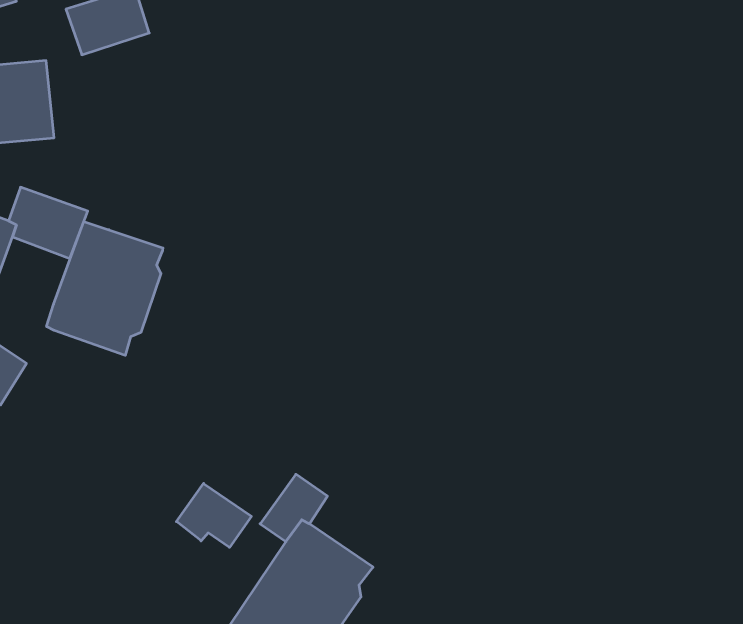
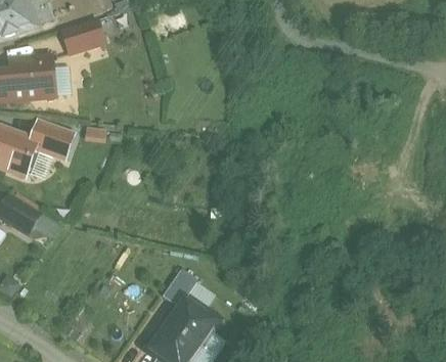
building: [47,221,163,355] -> none
building: [176,483,251,547] -> none

